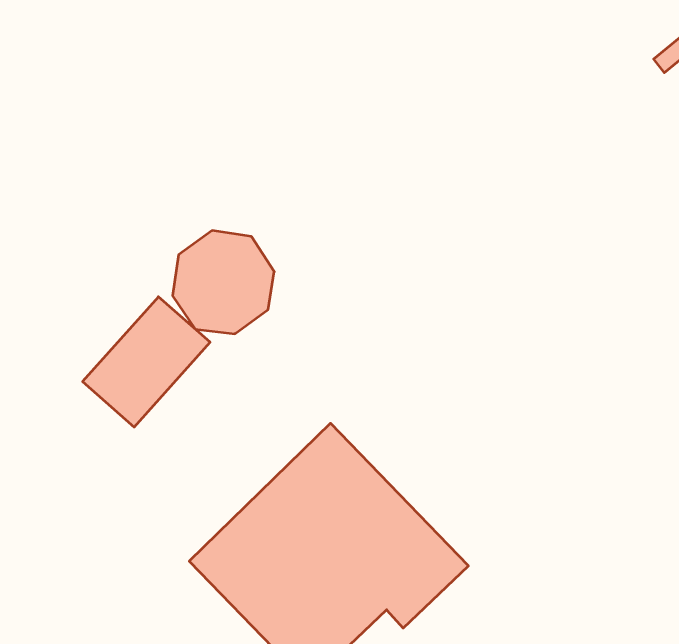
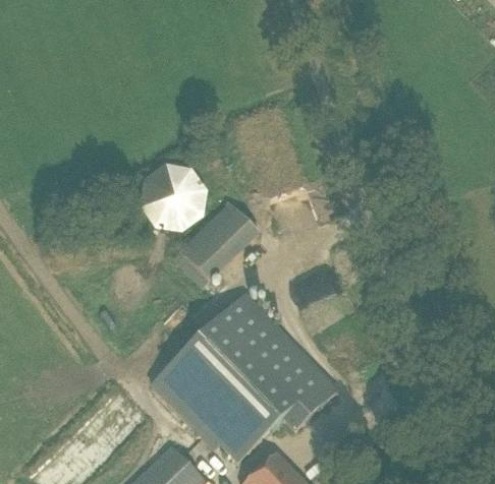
building: [83,297,210,427] -> [172,197,258,285]

